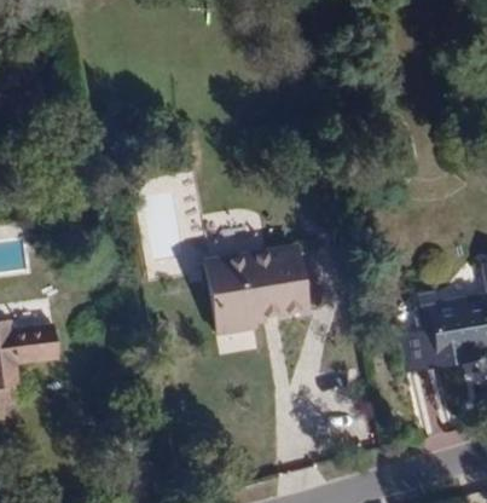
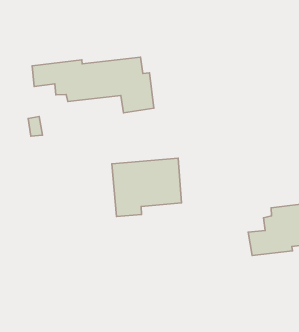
building: none -> [32,57,154,113]

